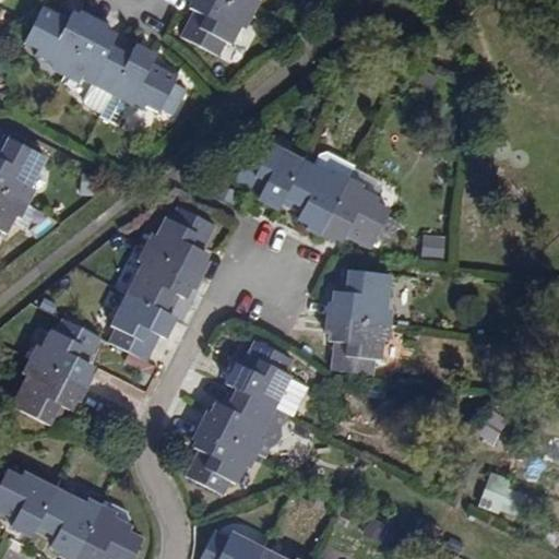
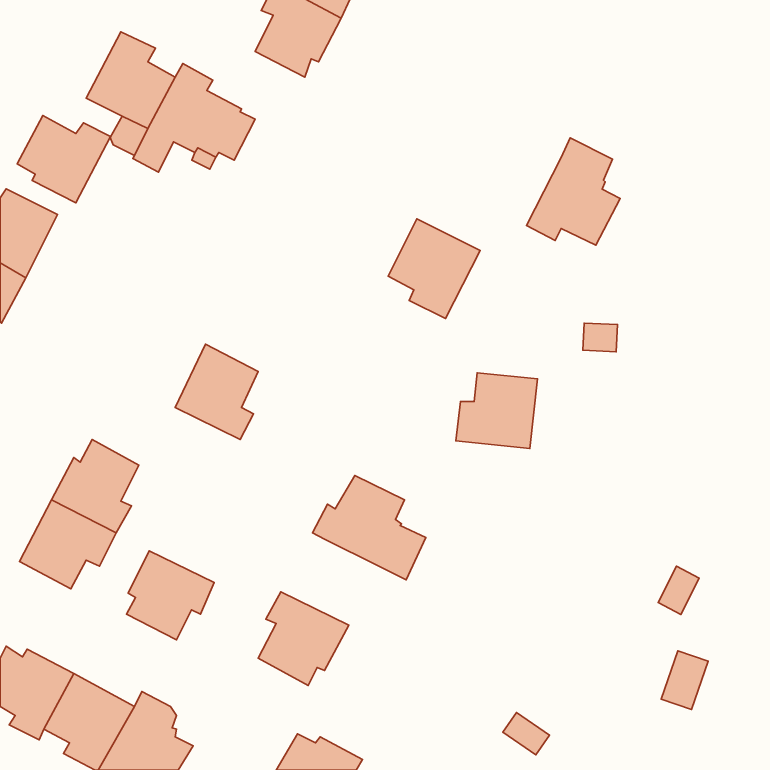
building: [21,8,88,71] -> [17,115,111,203]
building: [234,140,302,209] -> none
building: [323,167,391,245] -> [527,138,620,245]
building: [150,209,213,273] -> none
building: [111,295,175,359] -> [127,551,214,640]
building: [326,319,384,377] -> none
building: [204,390,275,452] -> none

